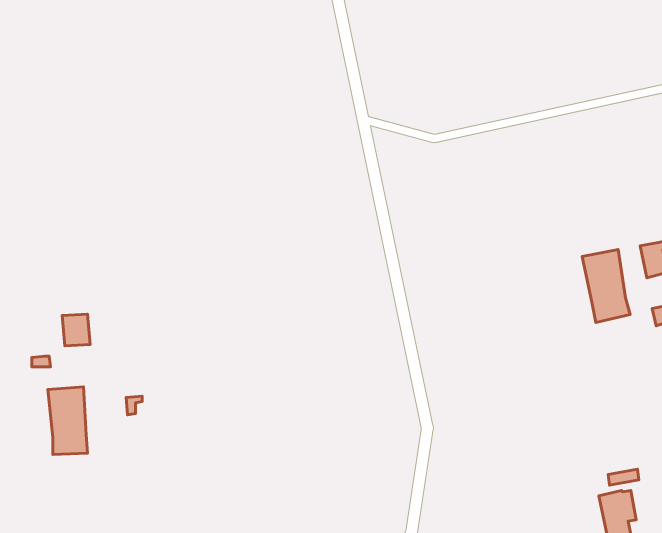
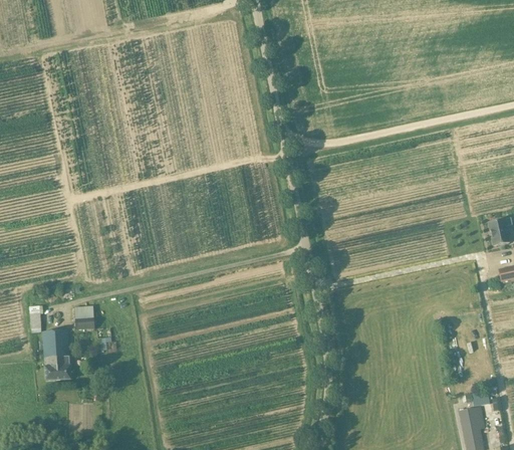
building: [582,250,630,322] -> none
building: [62,314,90,346] -> [73,305,94,329]

